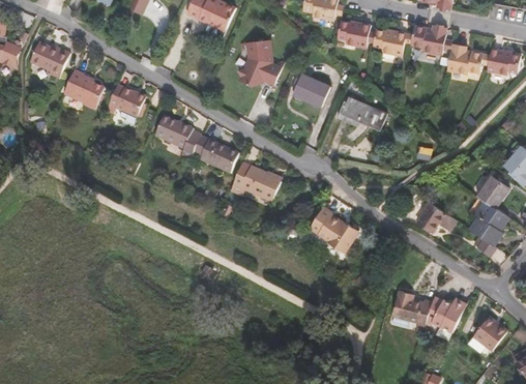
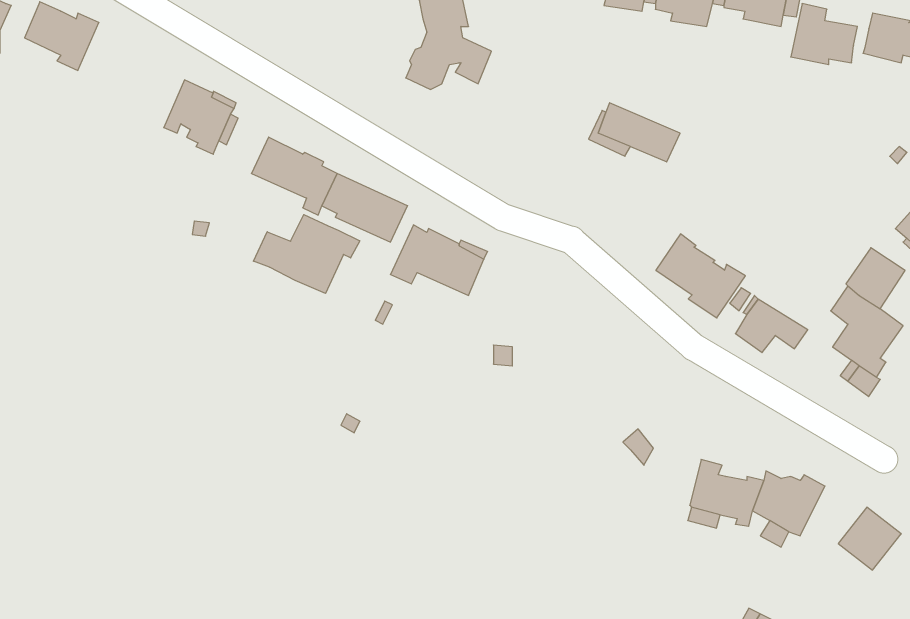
building: [63,69,104,109] -> none
building: [292,73,330,107] -> none
building: none -> [253,215,360,293]
building: [309,207,357,253] -> [656,234,745,318]

